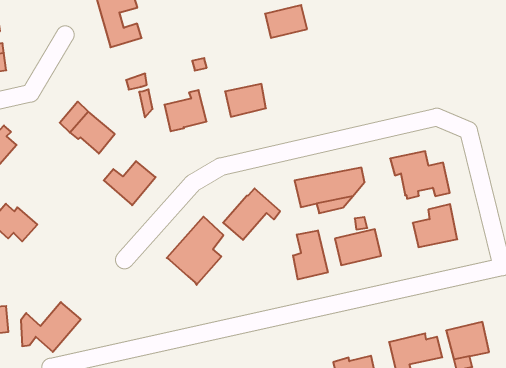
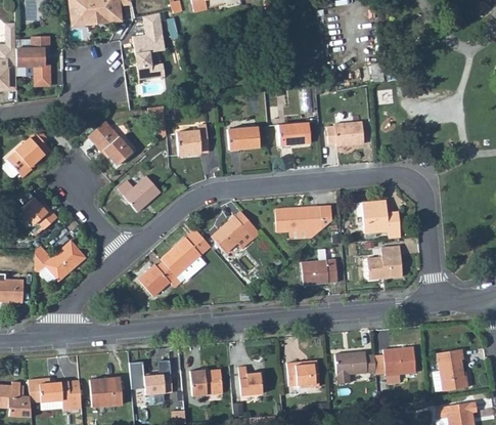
building: [265,5,307,38] -> [277,121,310,144]
building: none -> [326,121,363,144]
building: [293,230,328,279] -> none
building: none -> [138,260,181,296]
building: [21,302,81,352] -> [34,240,85,280]

